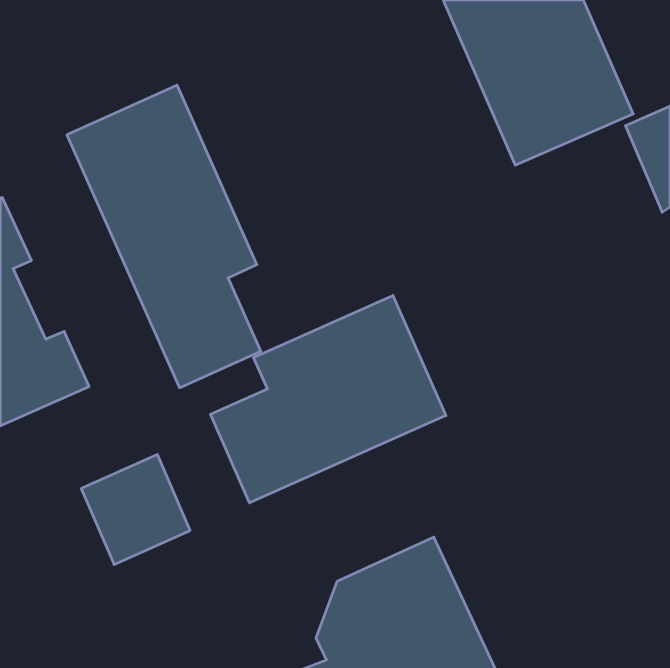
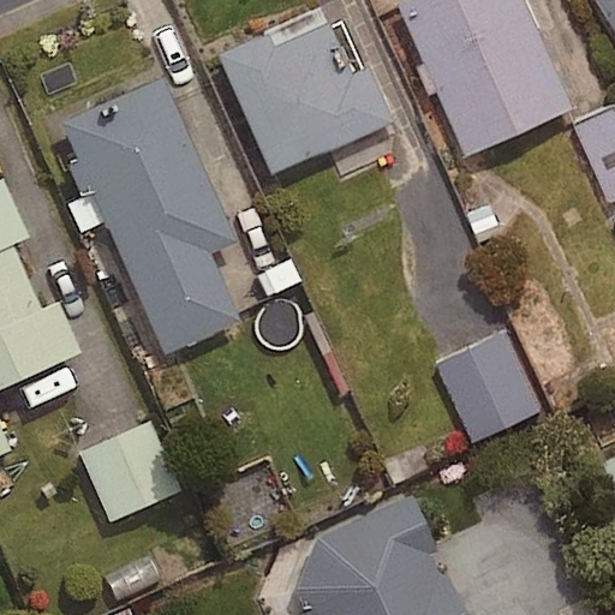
building: none -> [220,20,400,177]
building: [210,295,446,503] -> none
building: none -> [437,326,538,432]

